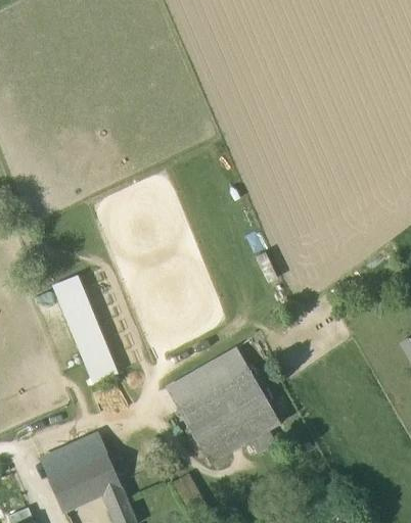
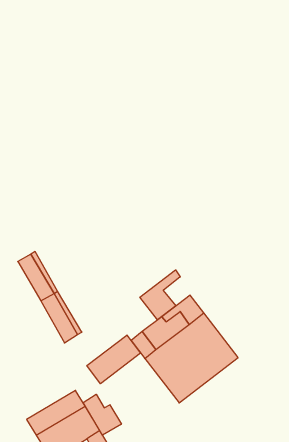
building: none -> [140,270,180,320]
building: none -> [87,335,141,384]
building: none -> [83,394,121,435]

